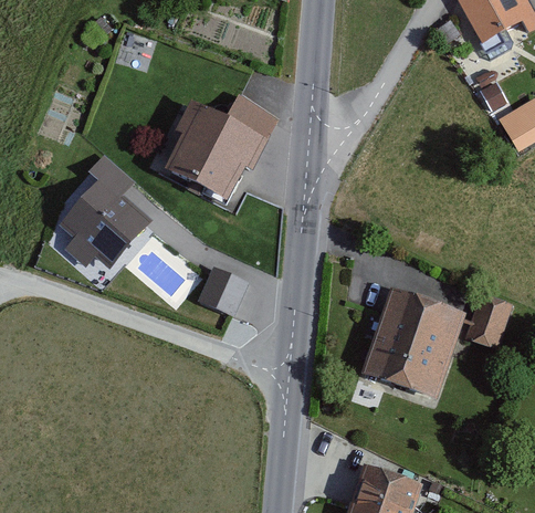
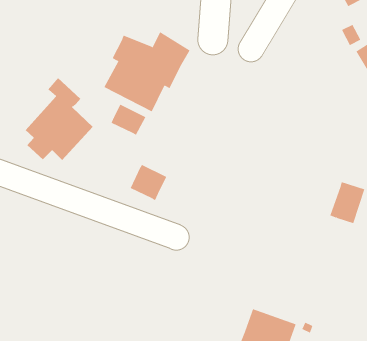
building: none -> [111,104,146,136]
building: [364,287,464,399] -> none

